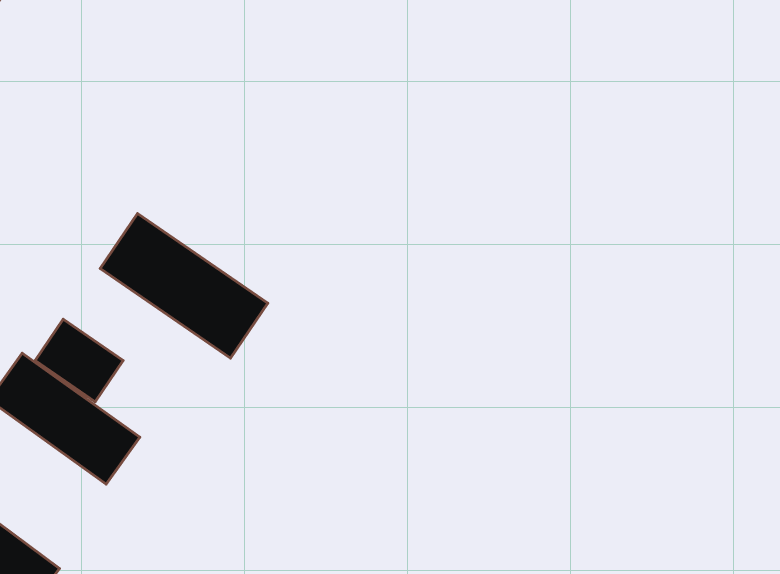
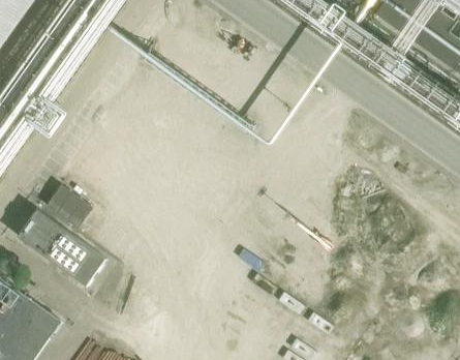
building: [100,213,268,358] -> none

